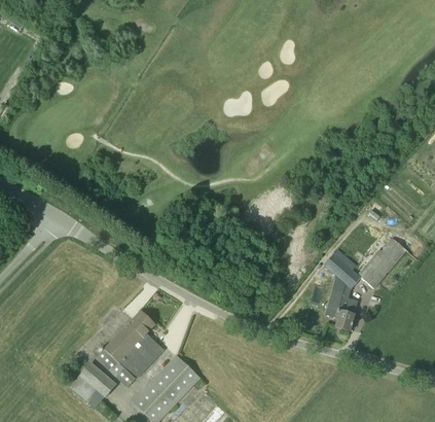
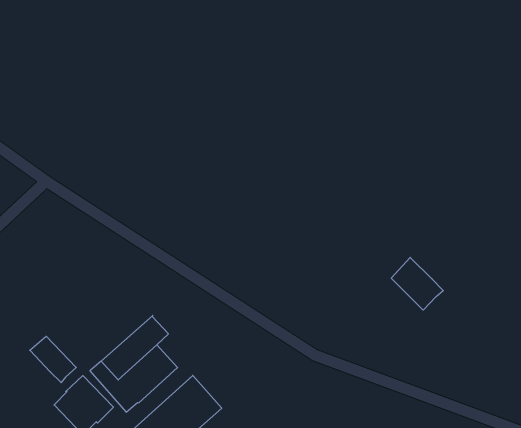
building: [356,231,406,288] -> none
building: [327,289,358,330] -> none
building: none -> [30,336,76,383]

